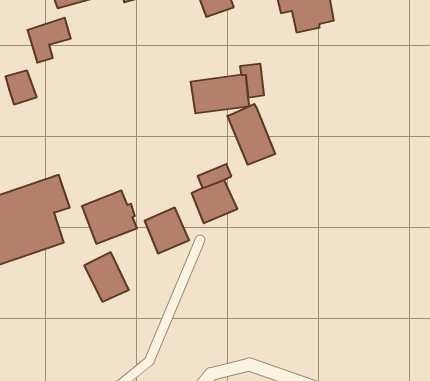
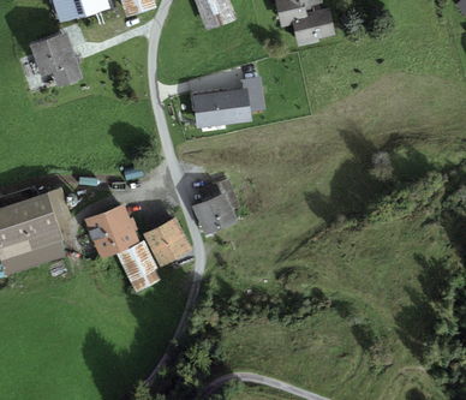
building: [5,71,37,104] -> [50,52,82,85]
building: [227,104,275,165] -> none
building: [84,252,129,302] -> [116,241,161,291]

